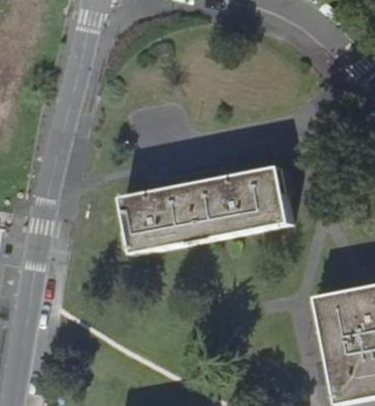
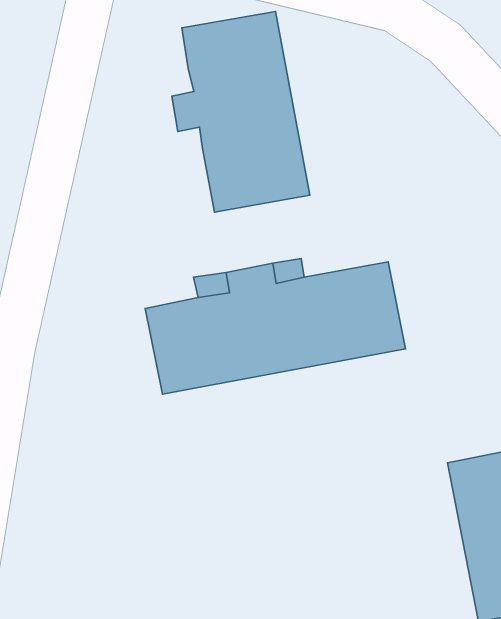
building: none -> [172,11,310,212]

